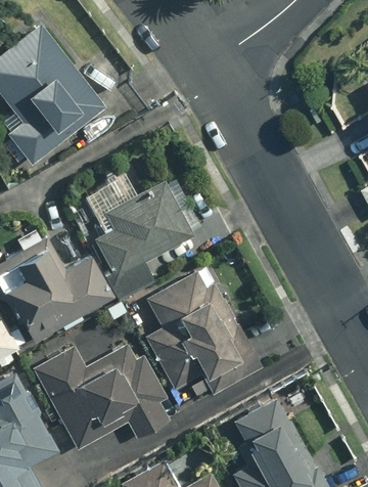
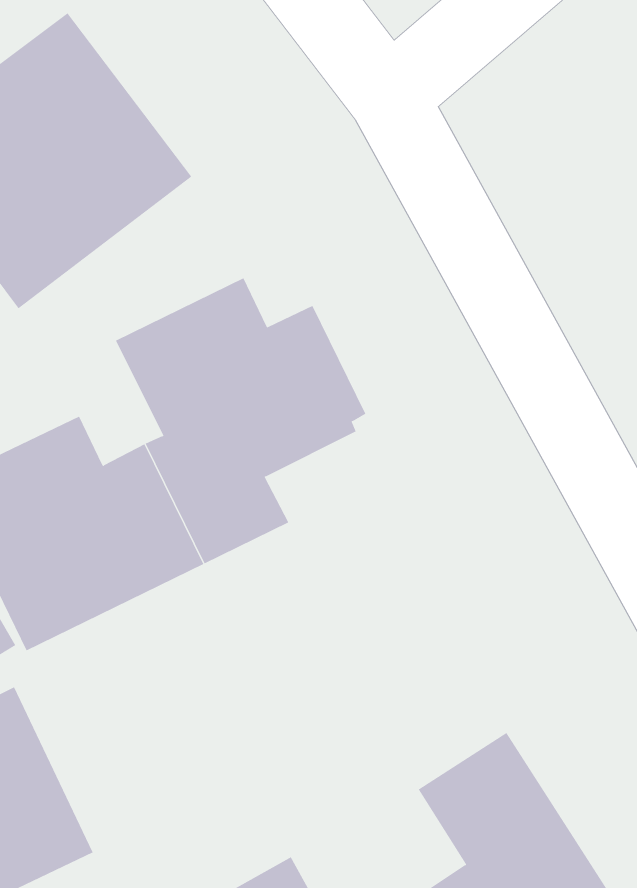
building: [144,267,265,407] -> none
building: [32,337,172,453] -> none

